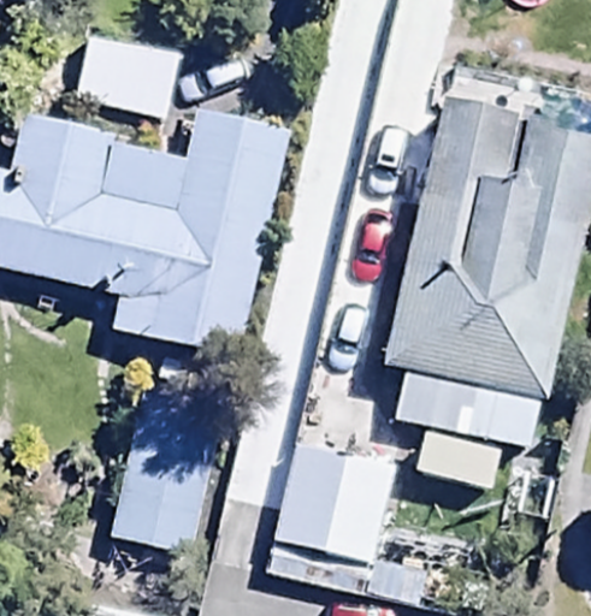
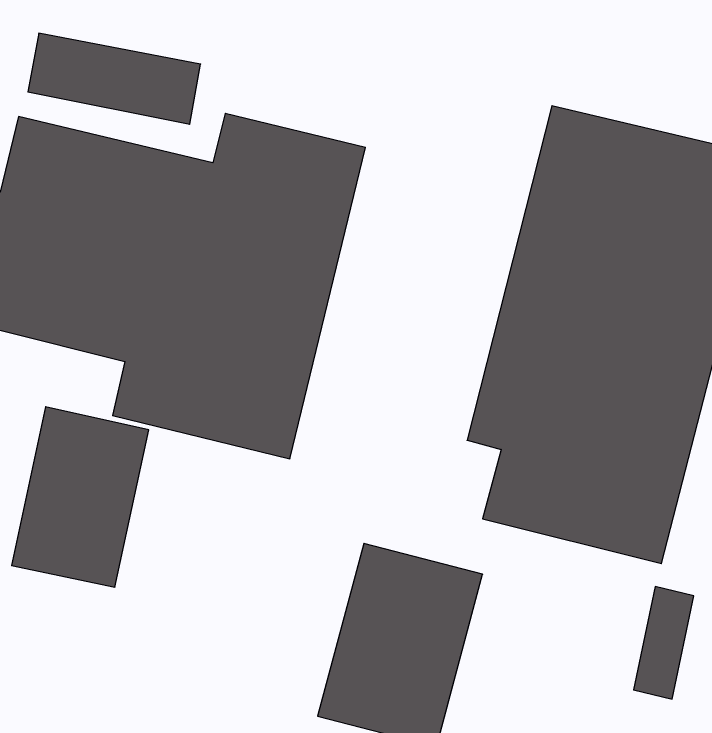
building: [112,413,219,553] -> [12,407,149,587]

